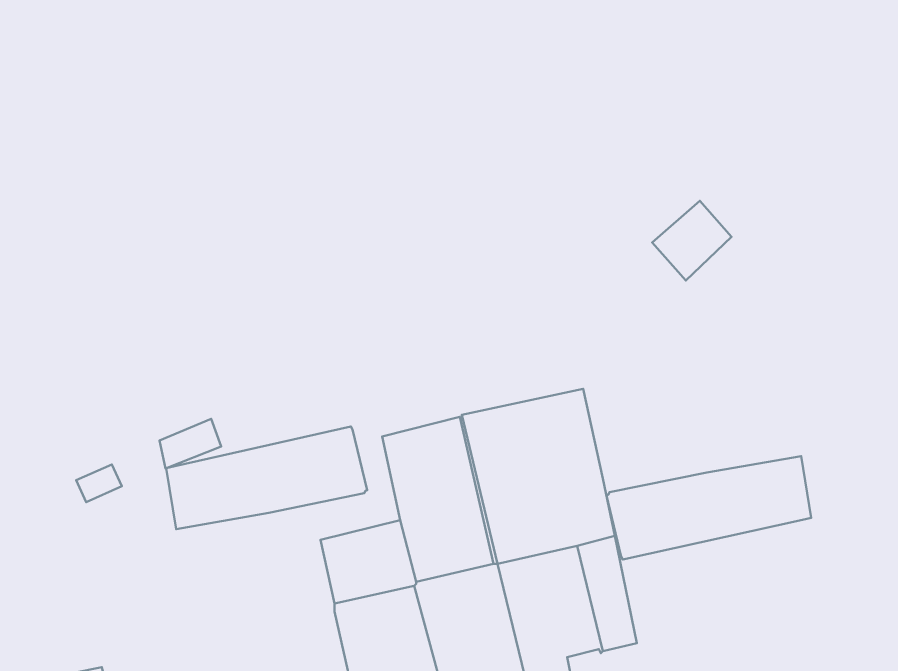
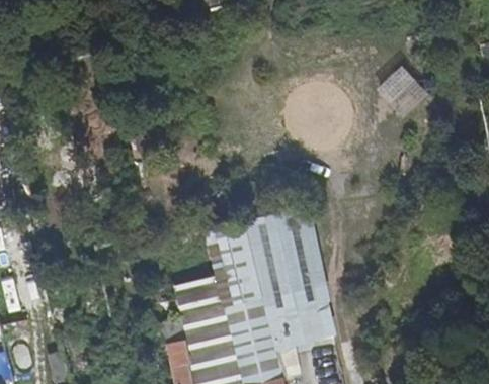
building: [652,201,732,280] -> [382,70,422,110]
building: [166,427,367,529] -> none
building: [606,456,811,560] -> none

